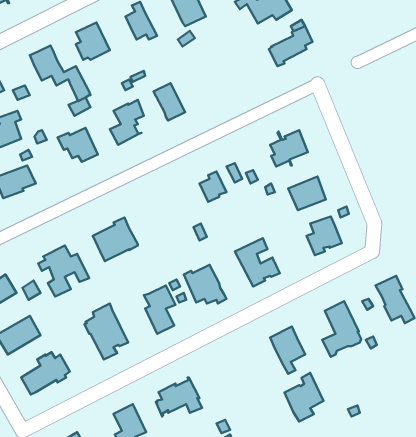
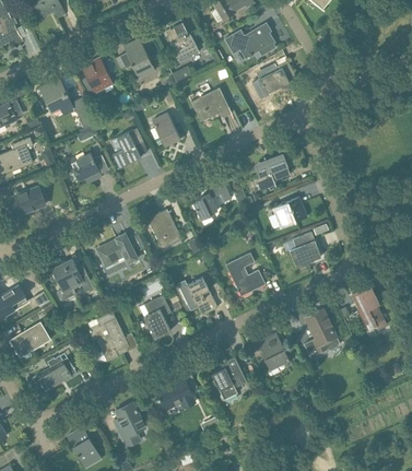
building: none -> [193,87,232,121]
building: none -> [149,212,181,247]
building: [285,373,323,421] -> [212,356,247,400]

